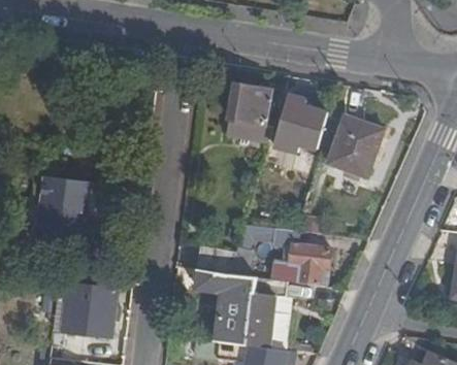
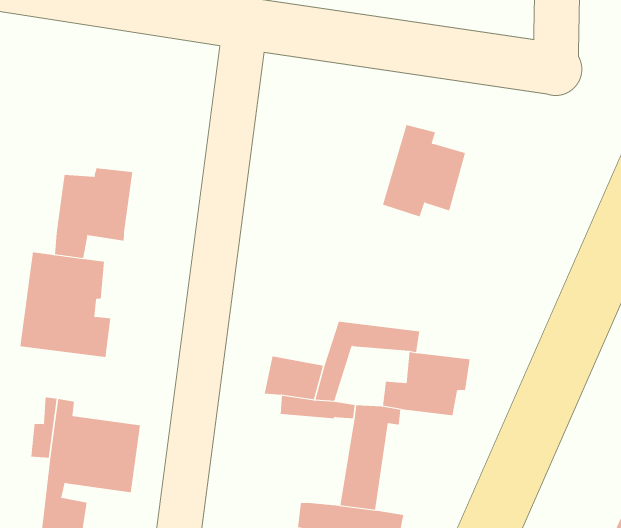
building: [226,81,271,141] -> none
building: [326,113,384,177] -> none
building: none -> [54,168,133,259]
building: [224,289,253,342] -> none

